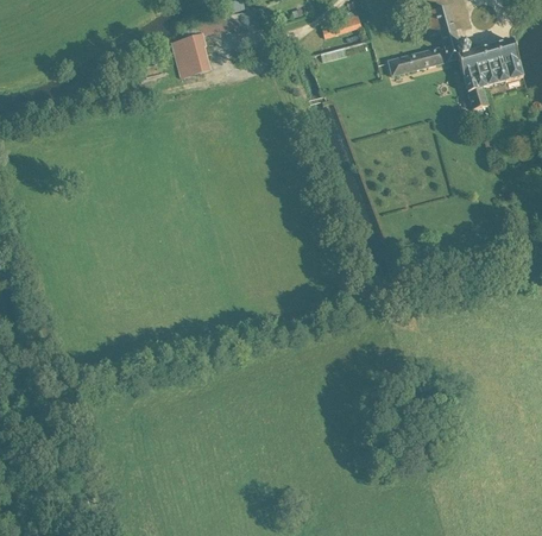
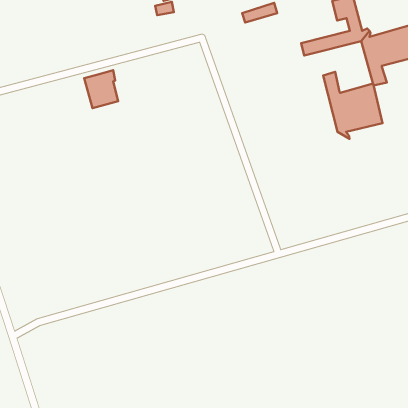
building: [171,33,210,77] -> [84,70,118,108]
building: none -> [323,72,383,139]

